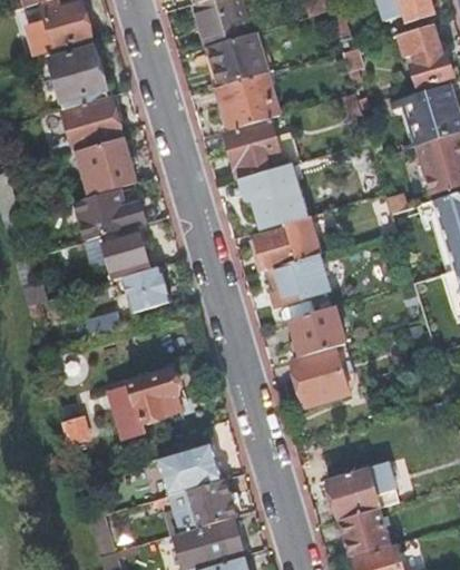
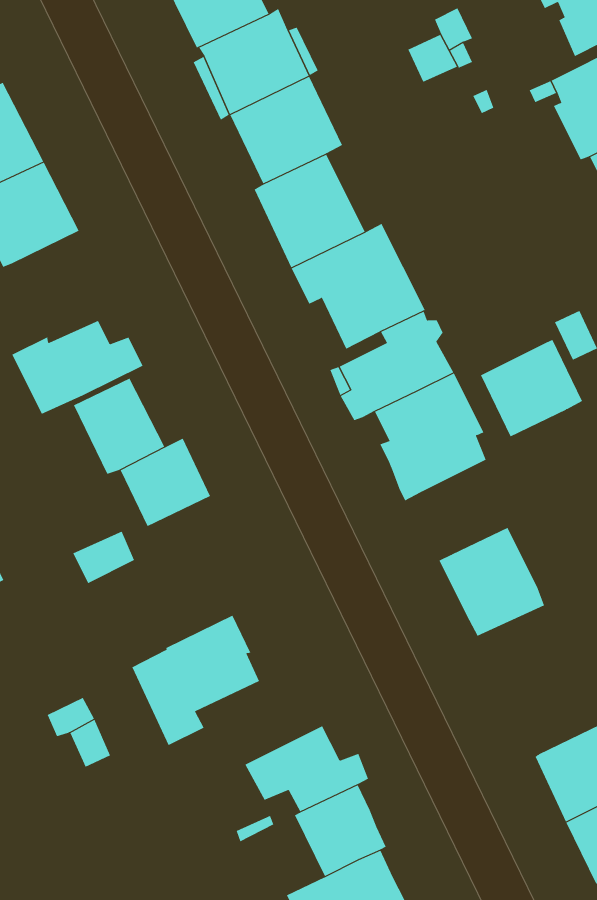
building: [79,138,135,194] -> none
building: [288,305,344,356] -> [480,339,583,437]

